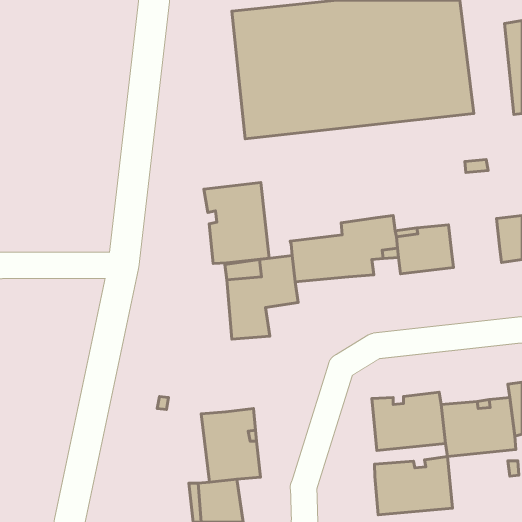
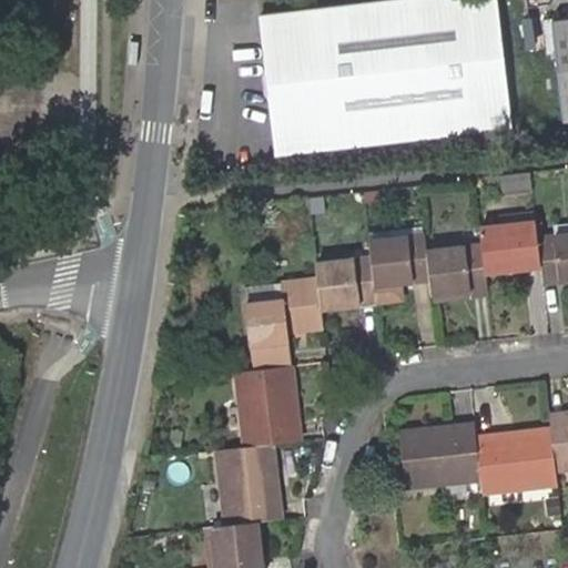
building: [204,182,269,264] -> none
building: none -> [485,224,542,273]
building: none -> [236,365,303,447]
building: [374,457,452,515] -> none

